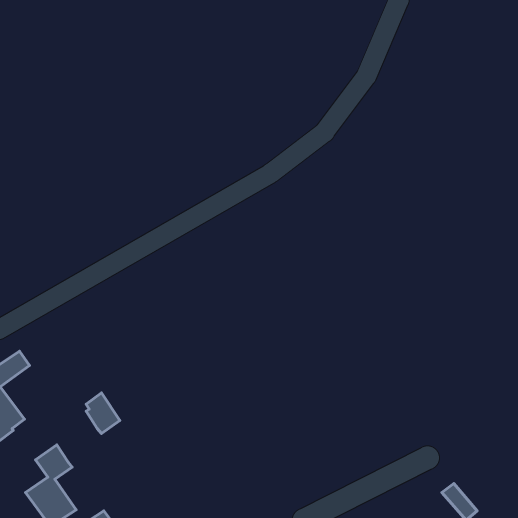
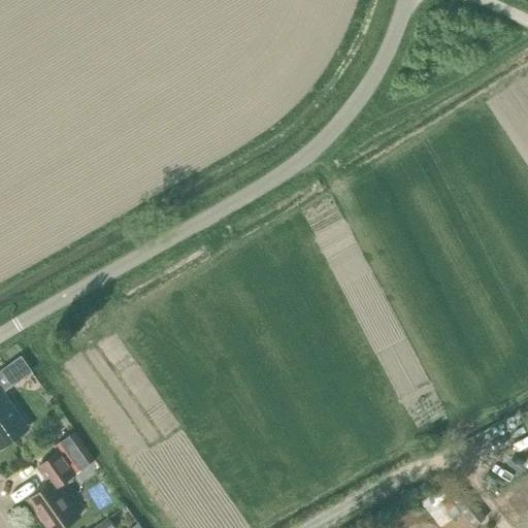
building: [86,393,120,434] -> [58,434,92,475]

